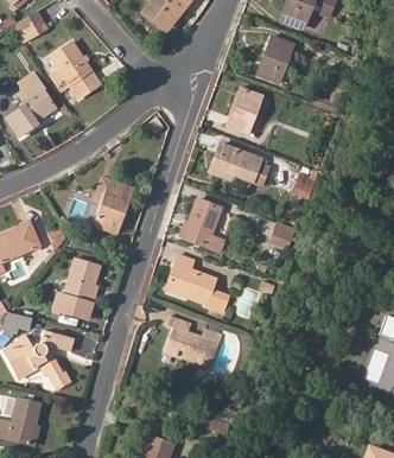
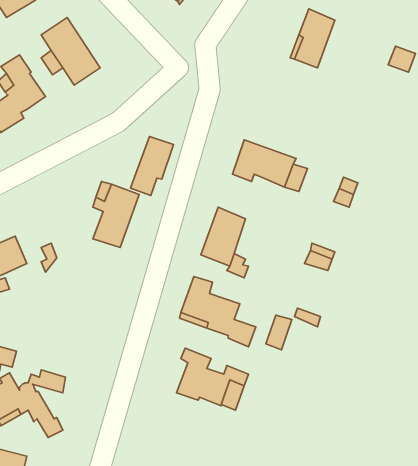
building: [227,87,262,131] -> none
building: none -> [130,137,174,195]
building: [55,256,102,317] -> none

